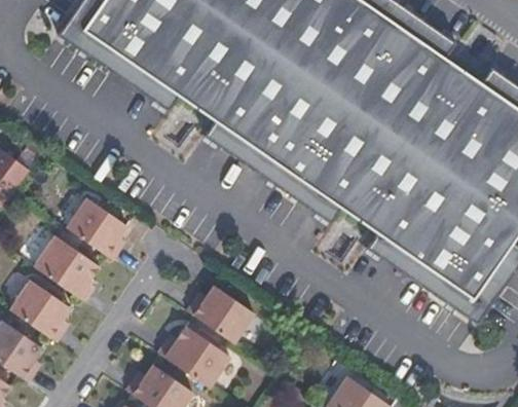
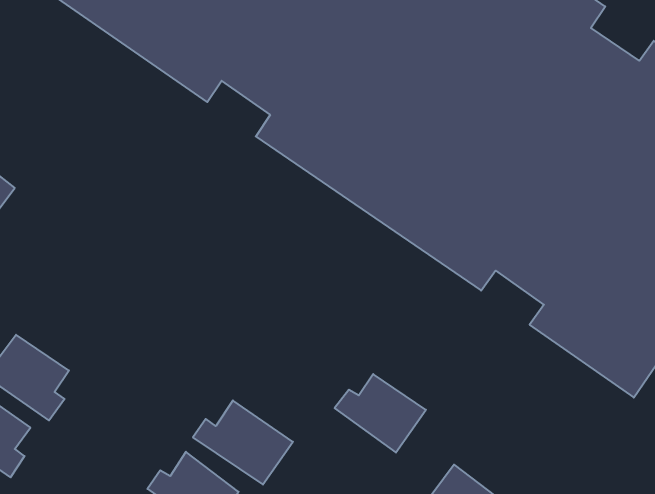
building: [67,195,126,258] -> none
building: [34,233,100,300] -> none
building: [188,285,254,341] -> [335,374,426,453]

